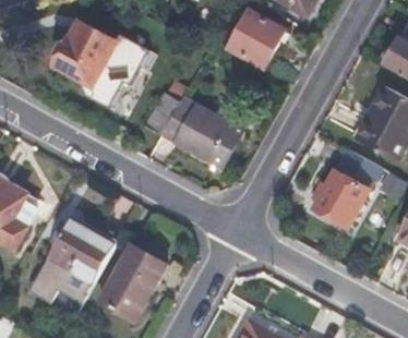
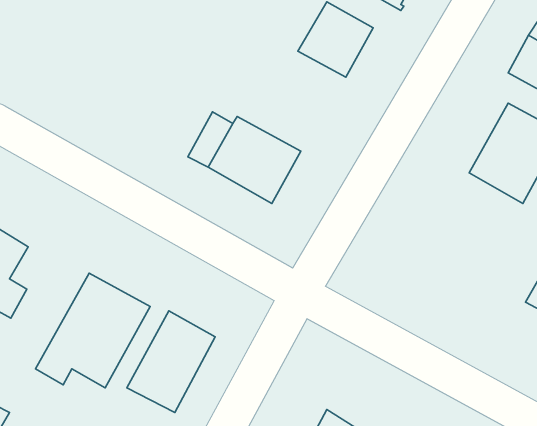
building: [58,22,154,105] -> none
building: [313,149,379,226] -> none

